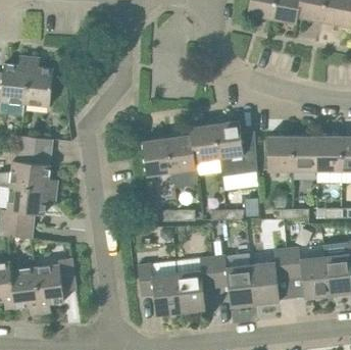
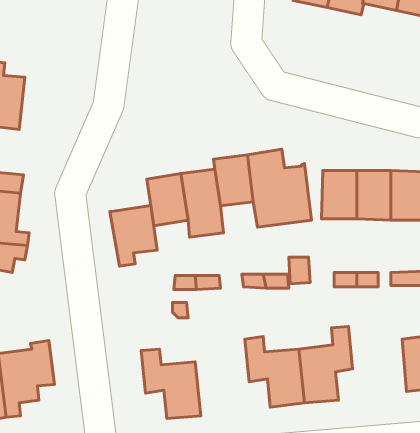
building: none -> [110,205,157,266]
building: [287,247,329,298] -> none
building: [177,257,215,312] -> none

